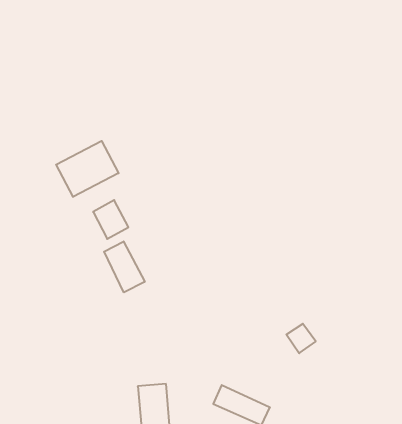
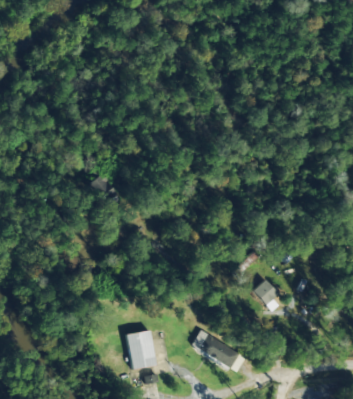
building: [56,141,119,197] -> none
building: [104,241,145,292] -> none

